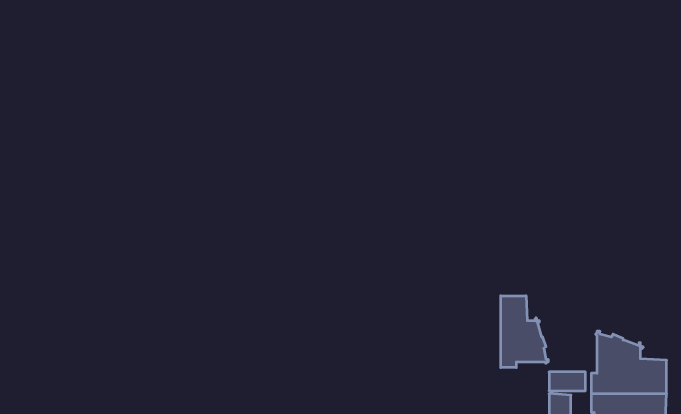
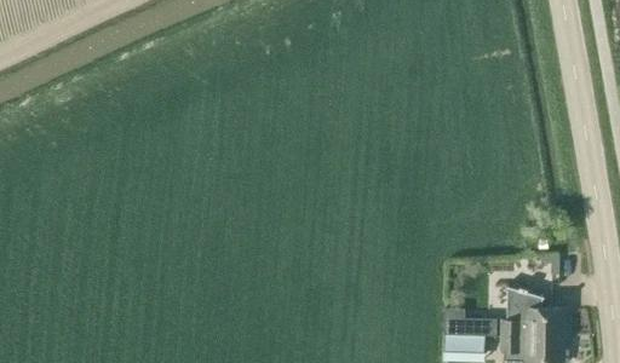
building: [501,296,548,368] -> none

